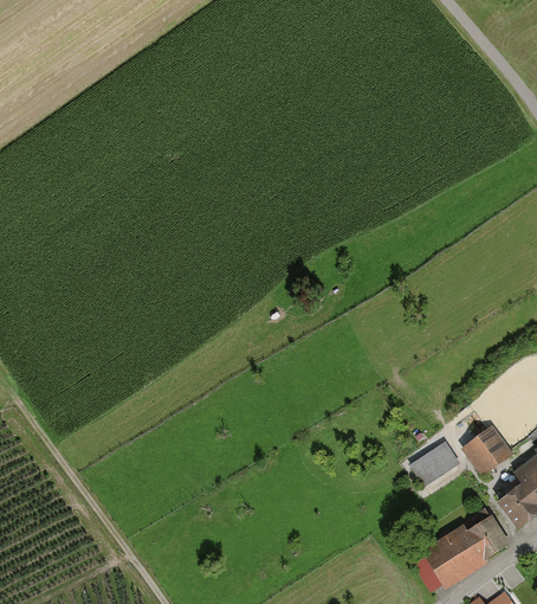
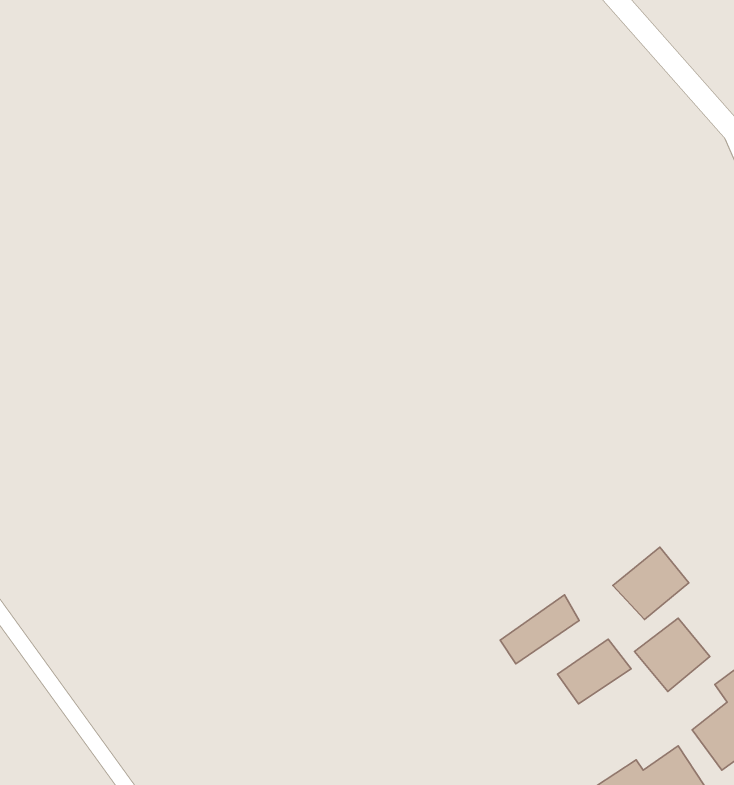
building: none -> [613,547,689,620]
building: none -> [500,595,579,664]

